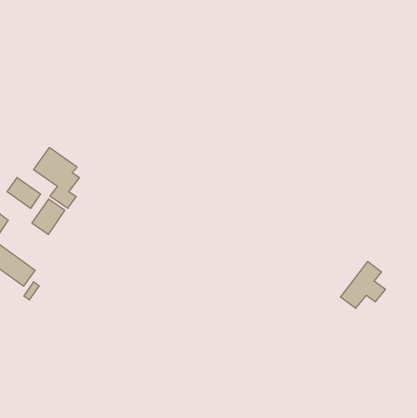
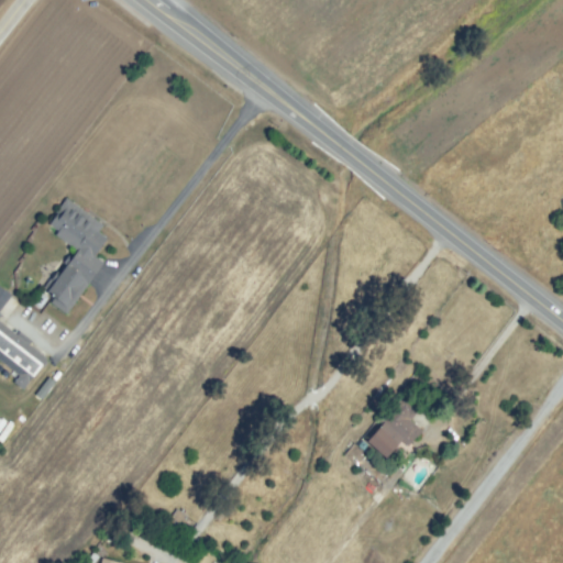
building: [7,177,41,208] -> none
building: [340,262,385,308] -> [365,396,426,459]

